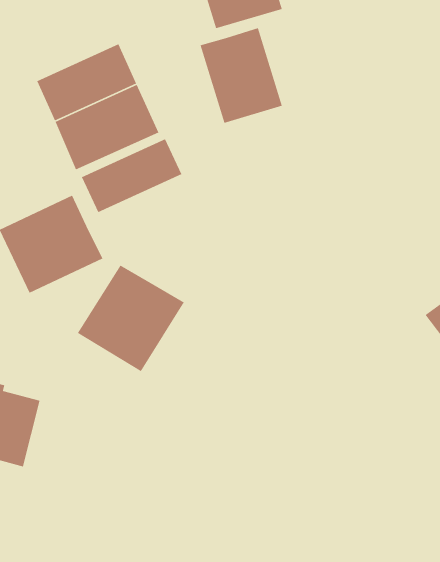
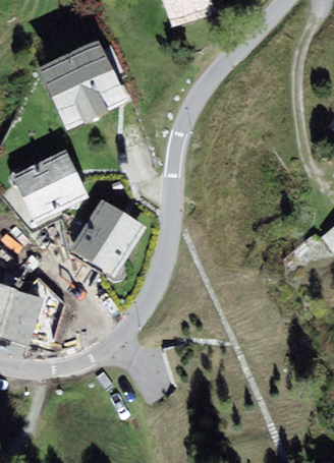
building: [199,27,283,124] -> none
building: [81,138,182,213] -> none

